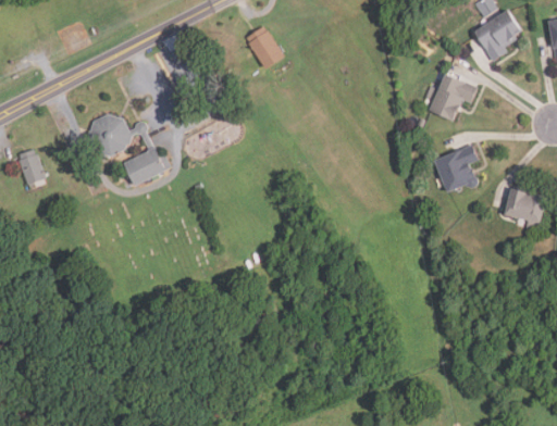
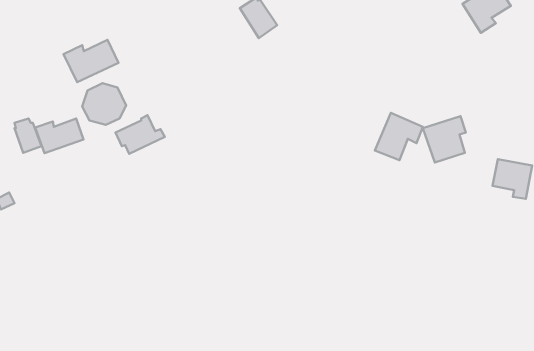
building: none -> [63,40,119,82]
building: [428,74,476,122] -> [375,113,423,160]
building: none -> [35,118,84,153]

